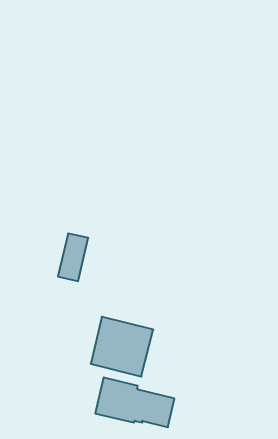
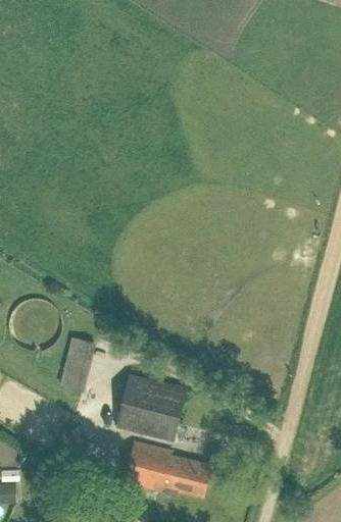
building: [58,233,88,281] -> [60,338,94,392]

